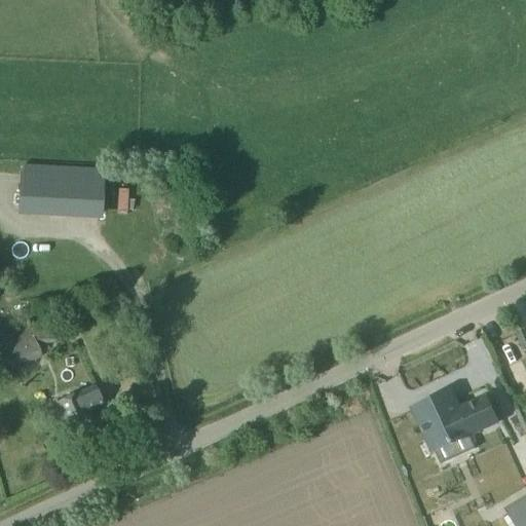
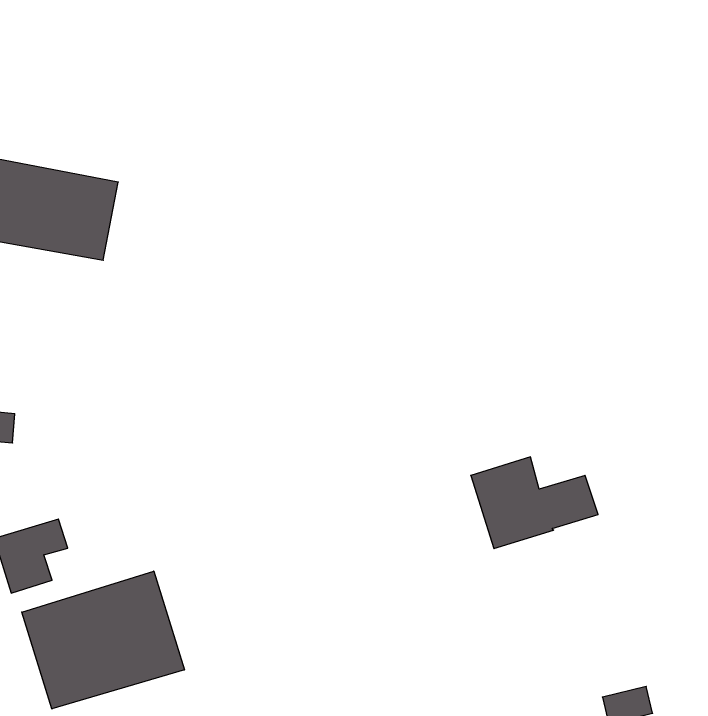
building: [415,389,498,450] -> [471,457,598,549]
building: none -> [22,571,184,709]

